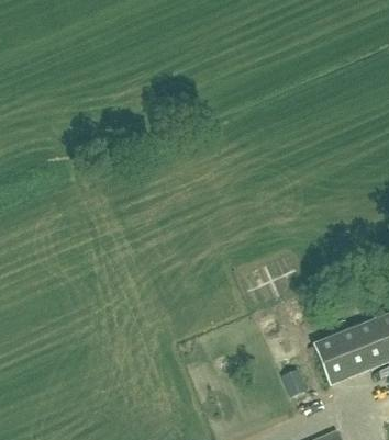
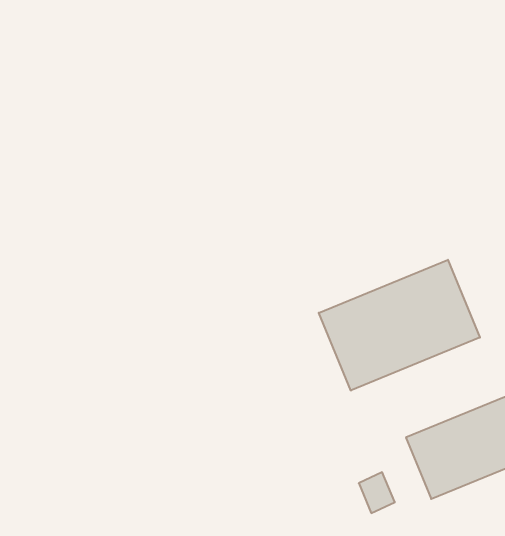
building: none -> [319,260,480,391]

